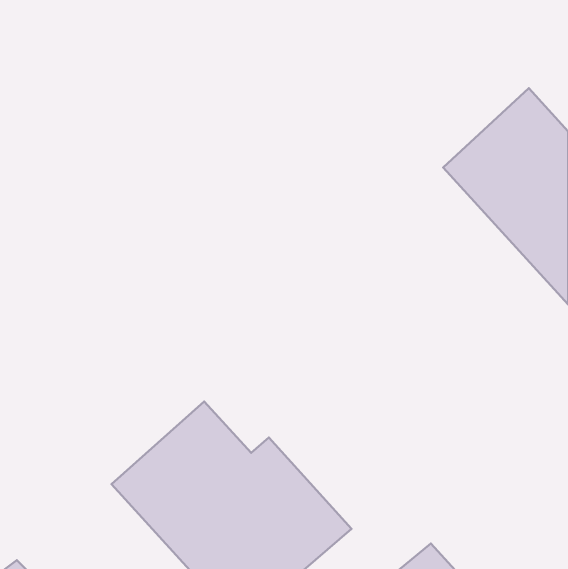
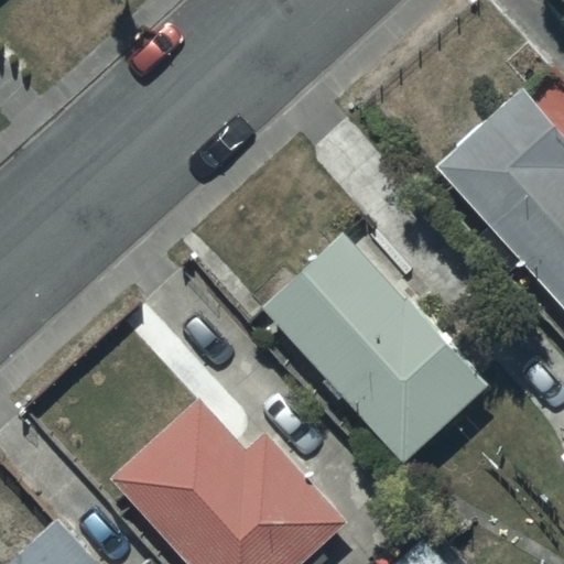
building: none -> [262,234,488,465]

